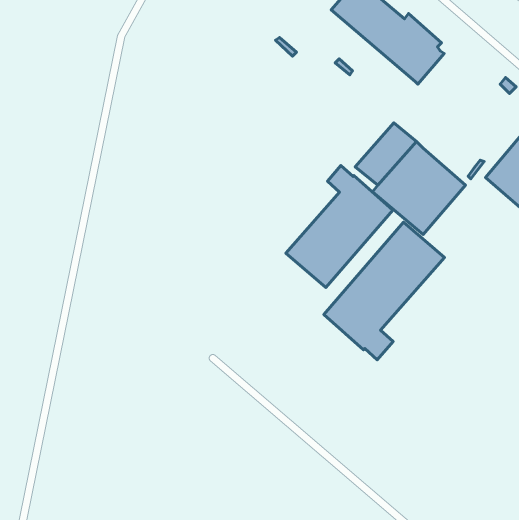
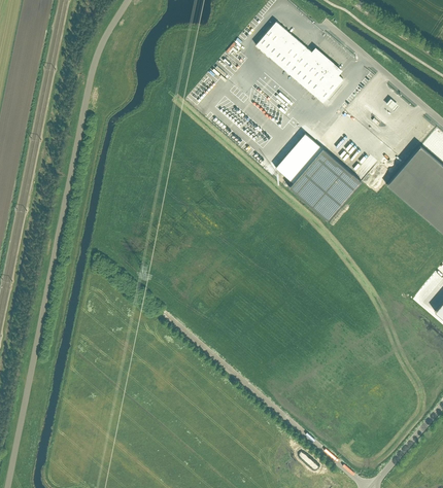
building: [286,166,393,288] -> none
building: [324,222,444,360] -> none

